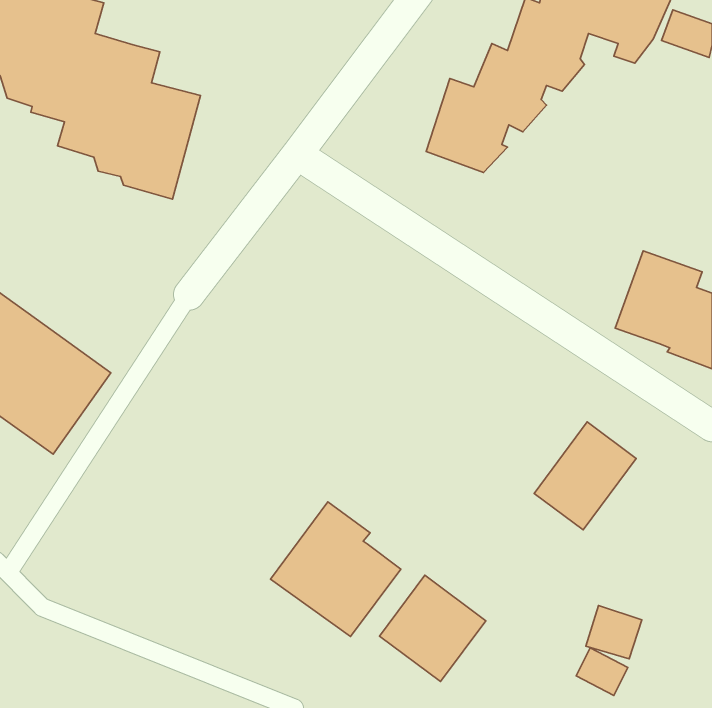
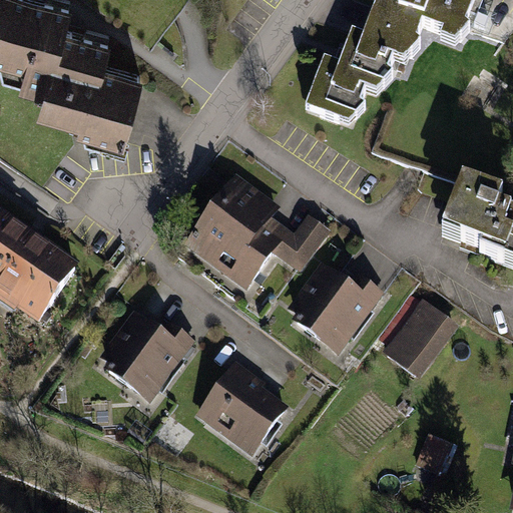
building: none -> [184,173,329,288]
building: none -> [287,263,383,356]
building: none -> [98,308,194,402]
building: [379,575,486,682] -> none

